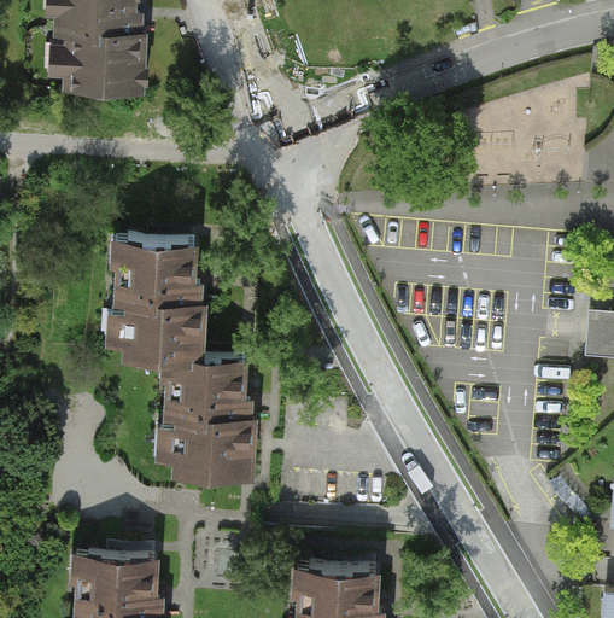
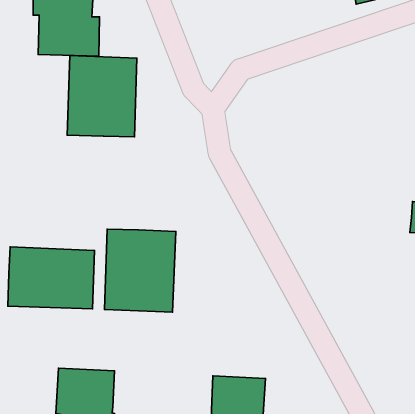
building: [104,234,204,351] -> [67,55,137,137]
building: none -> [8,247,95,309]

